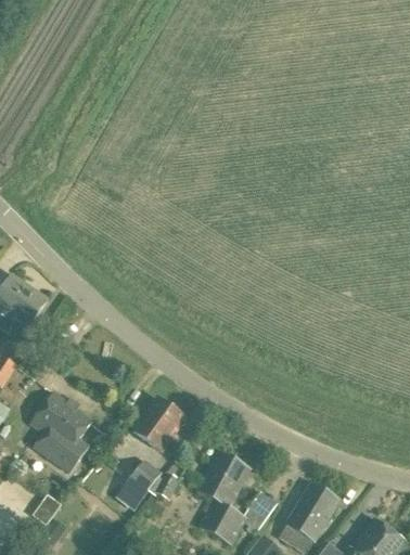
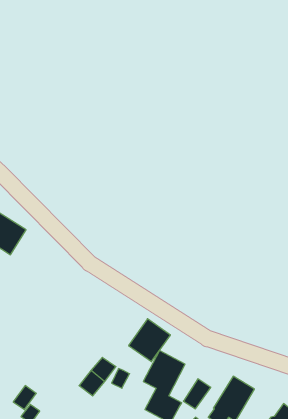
building: [31,392,91,474] -> none
building: [133,398,187,452] -> [129,319,170,362]

